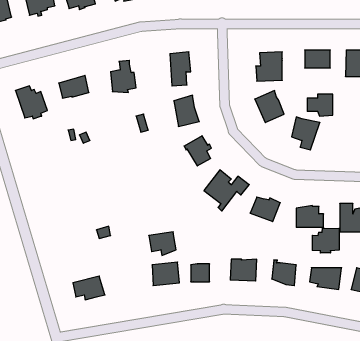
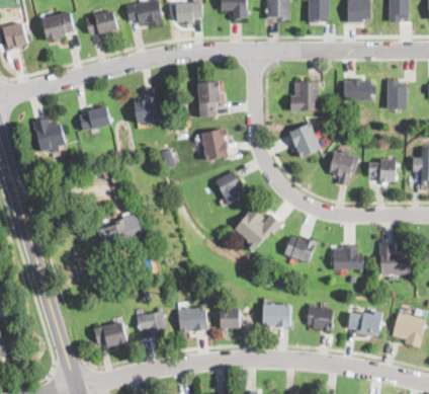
building: [307,94,333,116] -> [368,159,396,182]
building: none -> [100,204,130,247]
building: [312,228,339,253] -> none
building: [149,232,176,255] -> [136,311,165,336]

